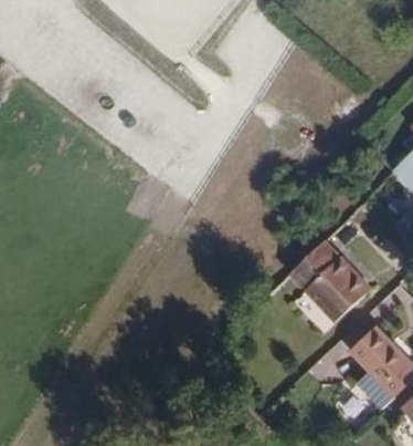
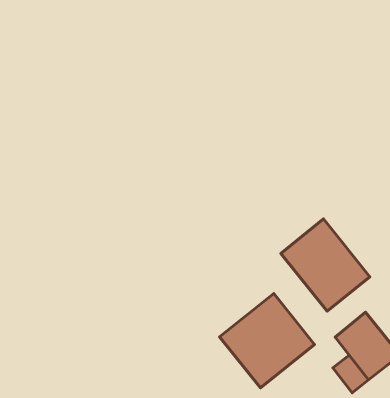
building: none -> [220,294,315,388]

